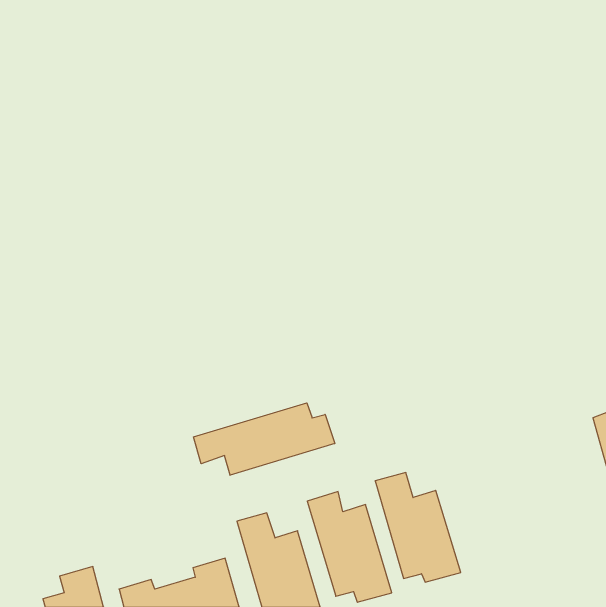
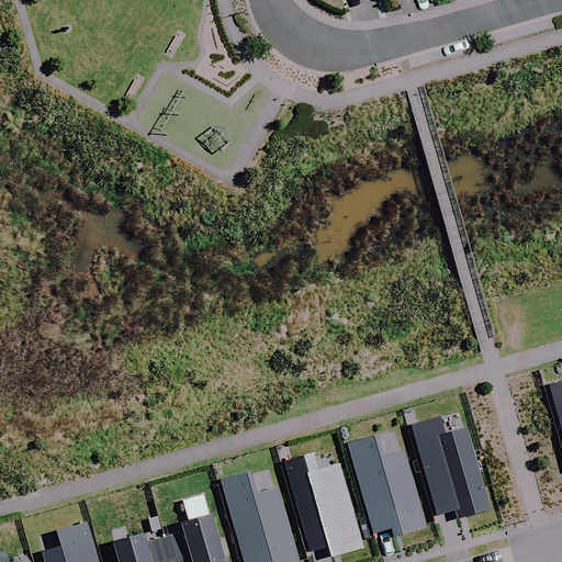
building: [193,403,335,475] -> none
building: none -> [411,416,491,519]

